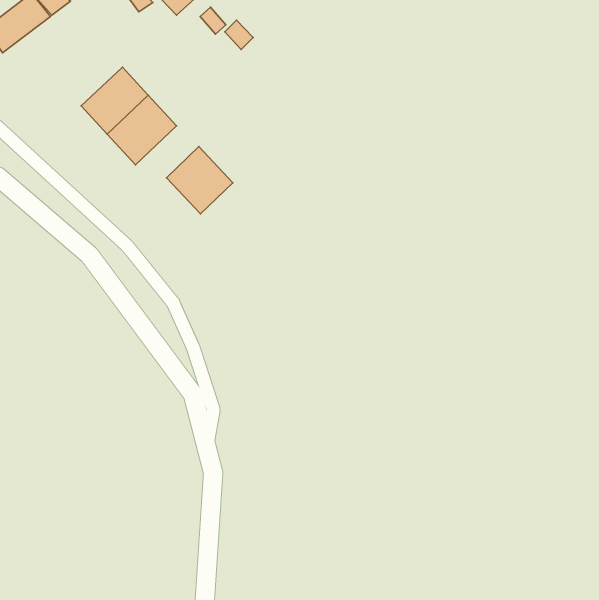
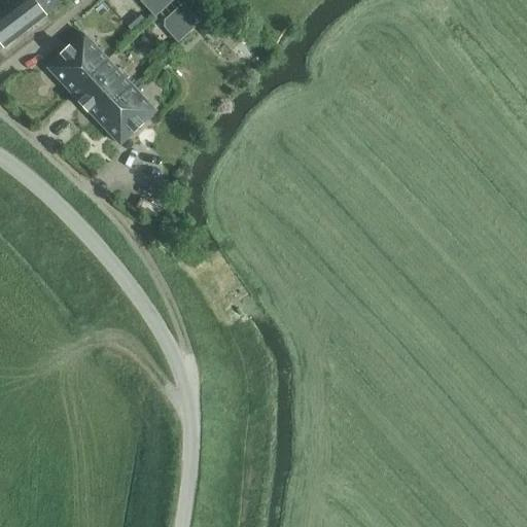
building: none -> [46,33,107,93]
building: [166,147,233,214] -> none

